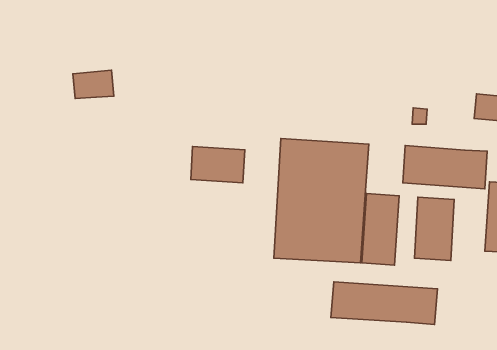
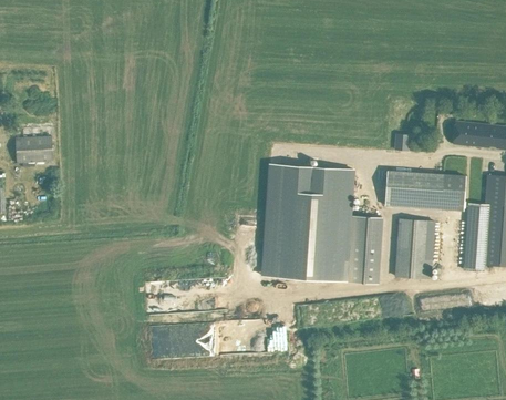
building: [73,70,114,98] -> [16,135,54,162]
building: [191,147,245,183] -> none
building: [331,282,437,325] -> none

